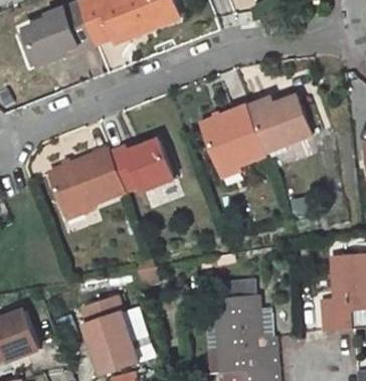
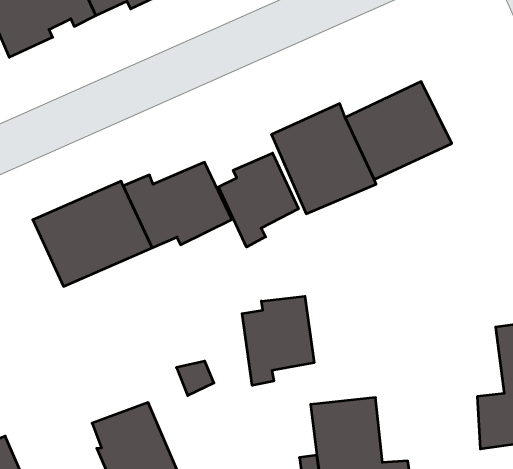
building: none -> [218,153,298,247]
building: none -> [242,296,314,385]

